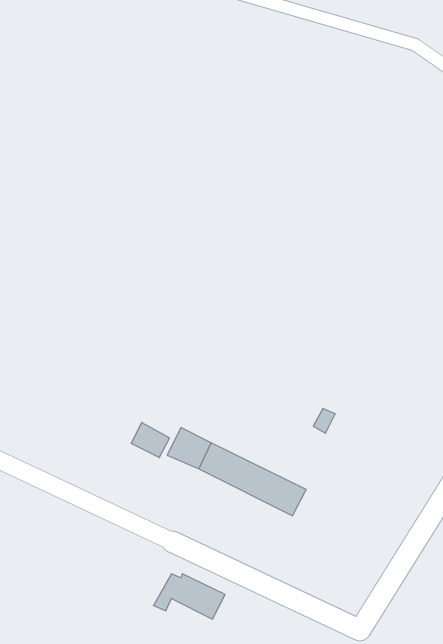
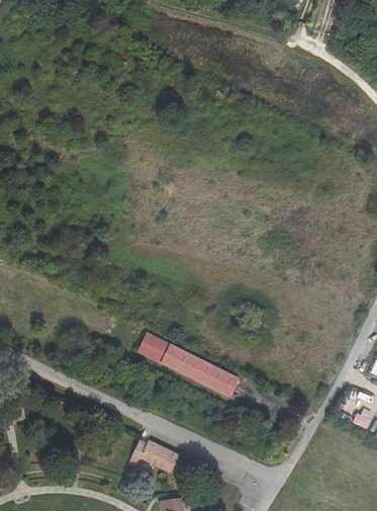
building: [131,422,170,458] -> none

